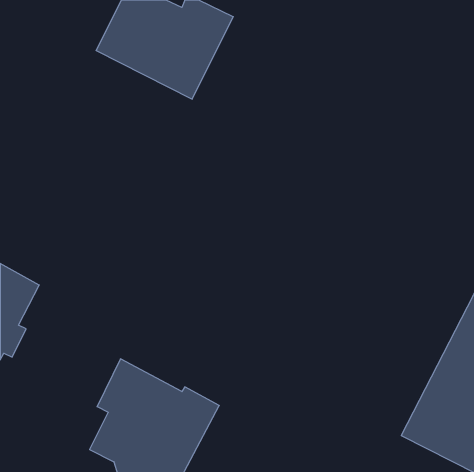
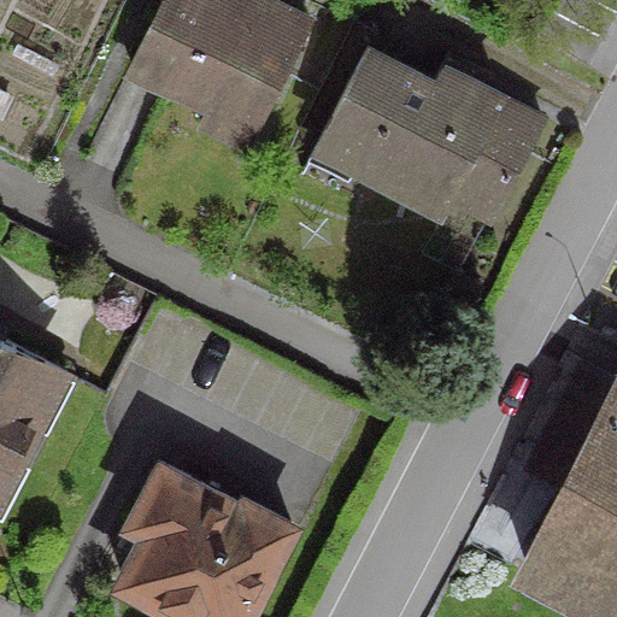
building: none -> [316,53,539,213]

